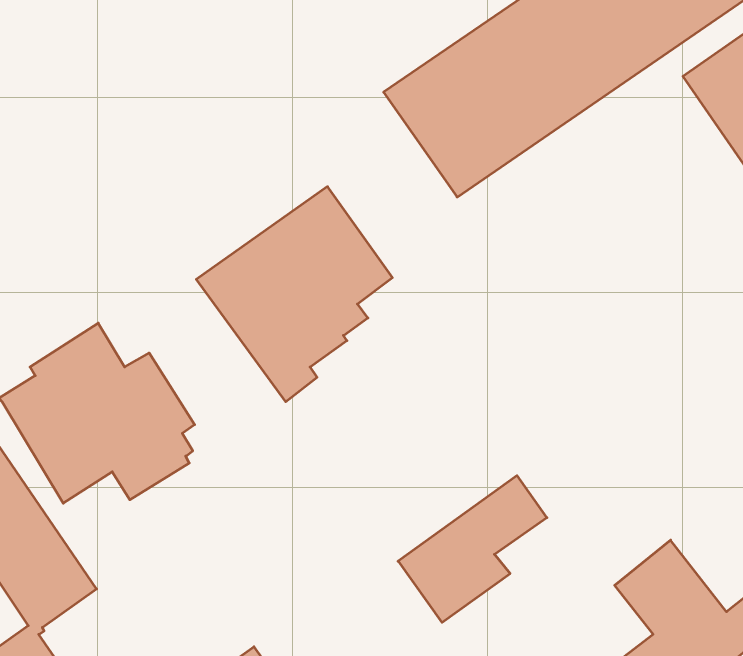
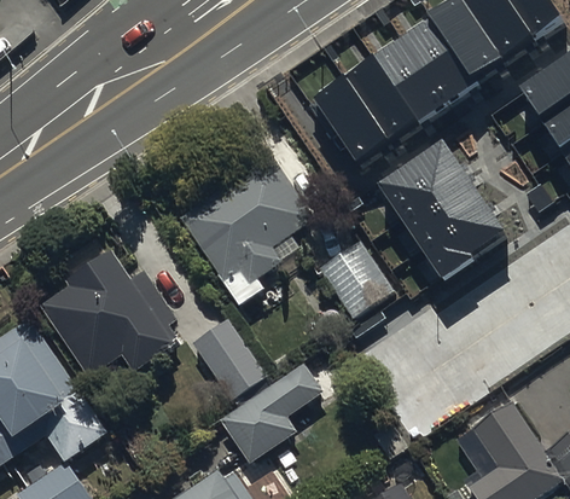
building: none -> [374,135,502,274]
building: none -> [319,240,395,319]
building: none -> [191,315,264,396]
building: [398,476,547,622] -> [221,364,324,465]

